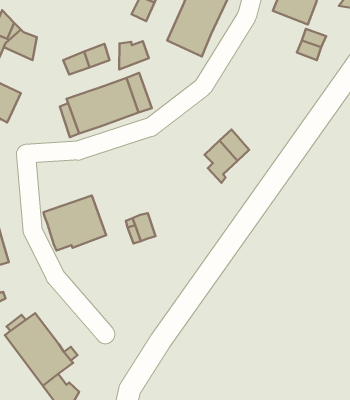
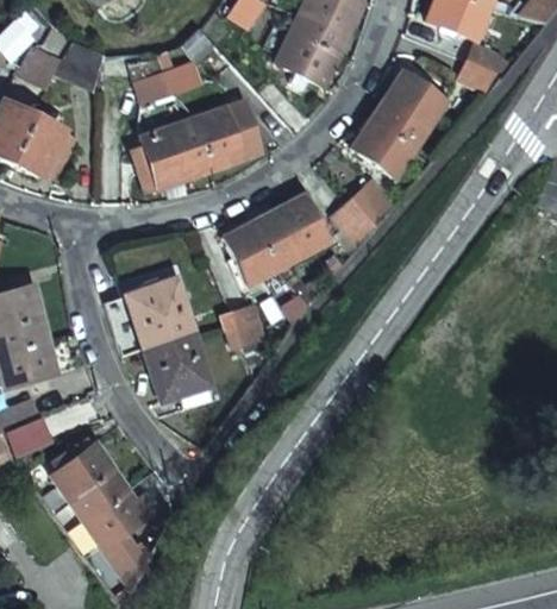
building: [119,41,149,70] -> none
building: none -> [352,69,446,172]
building: none -> [223,196,326,283]
building: none -> [145,333,212,401]

